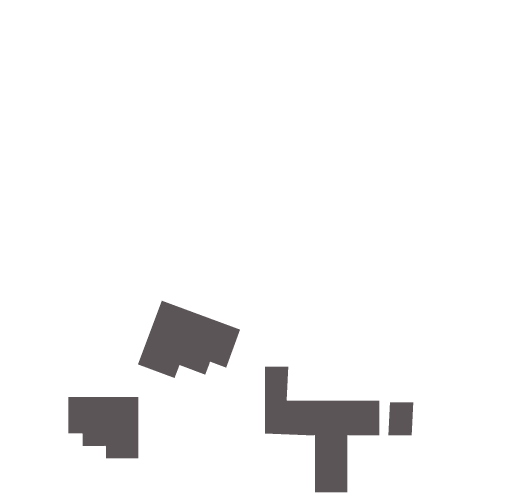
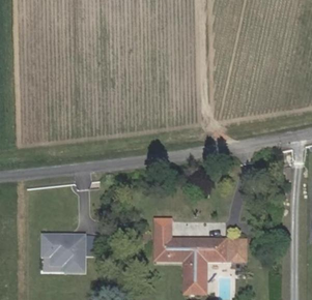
building: [137,300,241,379] -> none

